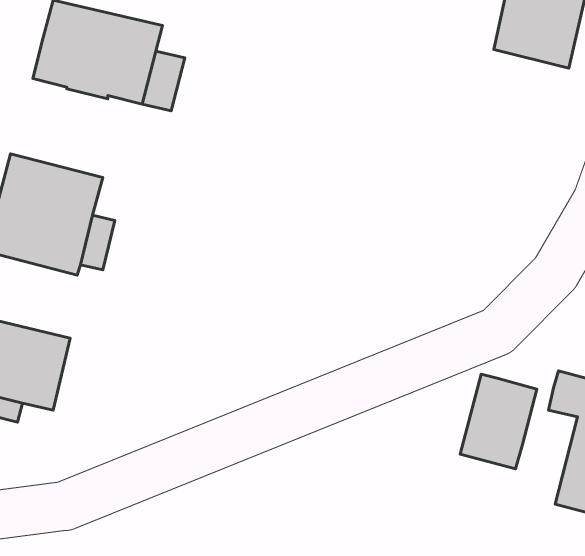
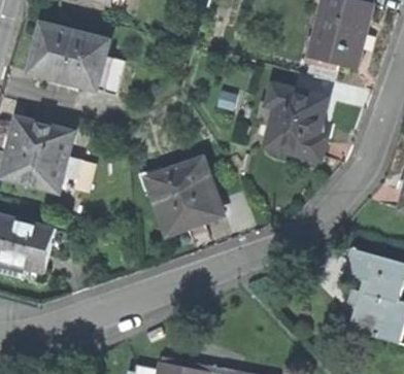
building: none -> [257,82,326,157]
building: none -> [140,157,224,234]
building: [460,374,537,469] -> none

